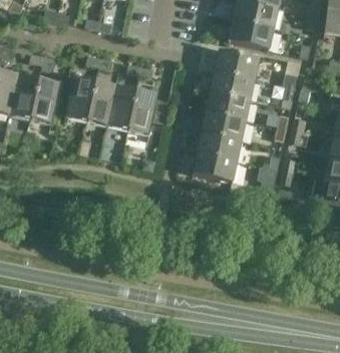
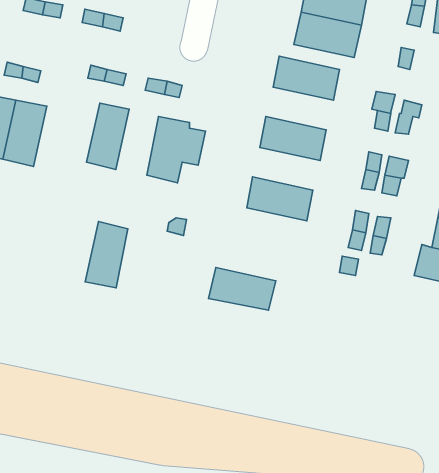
building: [210,69,256,98] -> none
building: [65,75,96,120] -> none
building: [107,84,136,129] -> [85,222,128,288]
building: [201,110,247,139] -> none
building: [192,151,238,181] -> [208,268,276,310]

